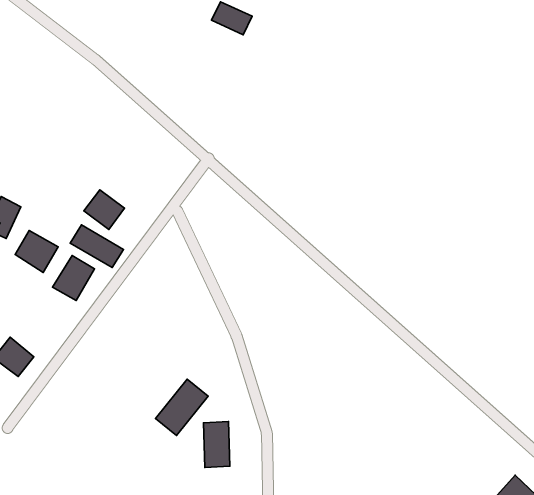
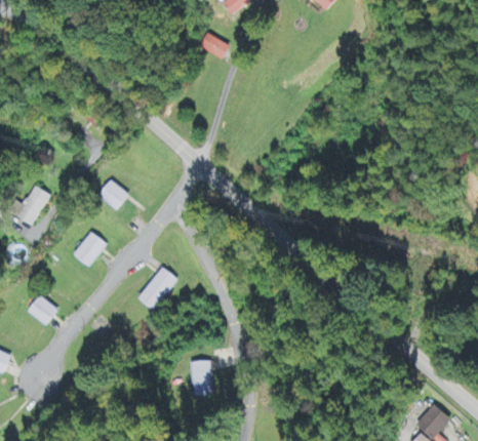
building: [70,225,123,268] -> none
building: [15,230,58,273] -> none
building: [156,379,208,436] -> [137,266,178,310]

